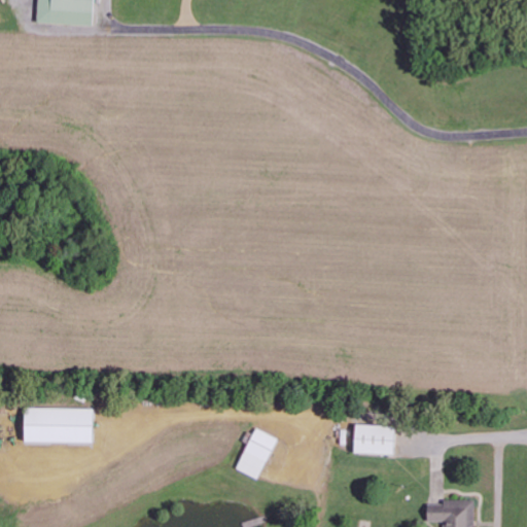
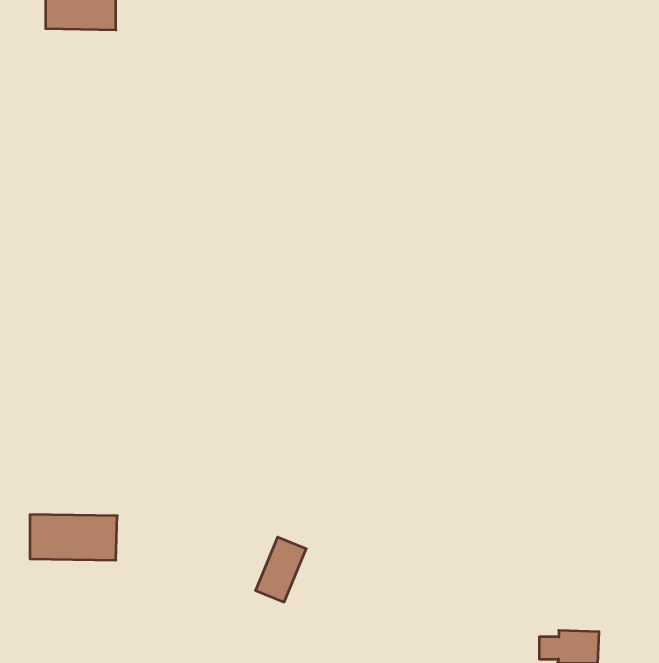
building: [353,424,393,454] -> none
building: [235,427,275,479] -> [255,537,306,602]

